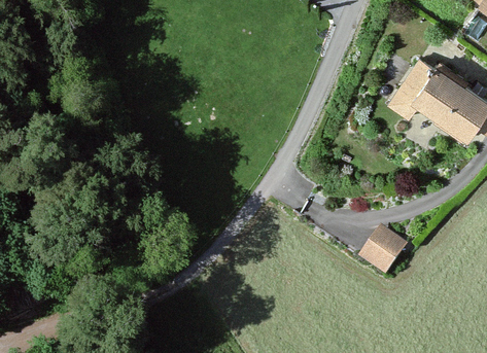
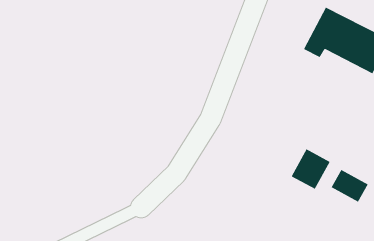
building: none -> [331,169,369,202]

